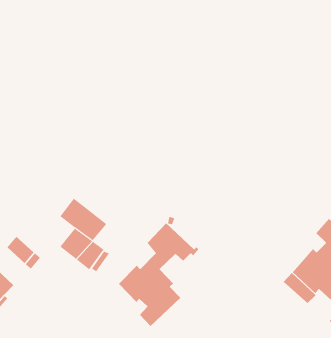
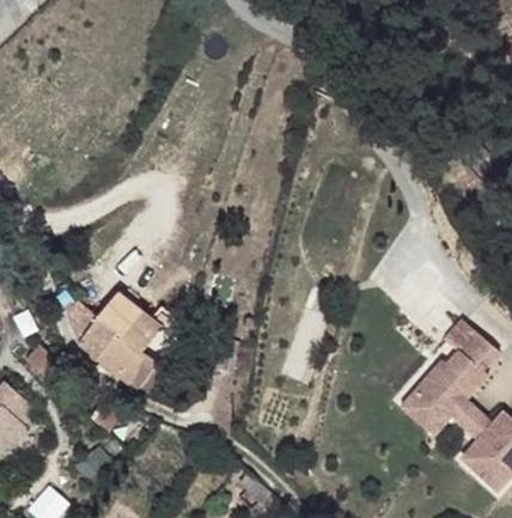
building: none -> [65,299,117,356]
building: [118,222,199,327] -> none

